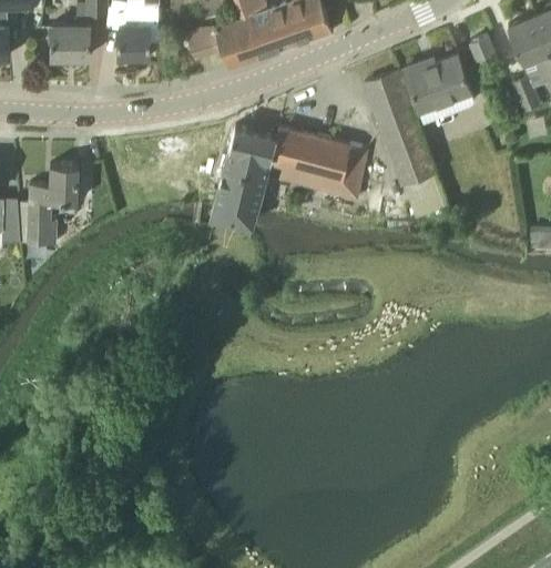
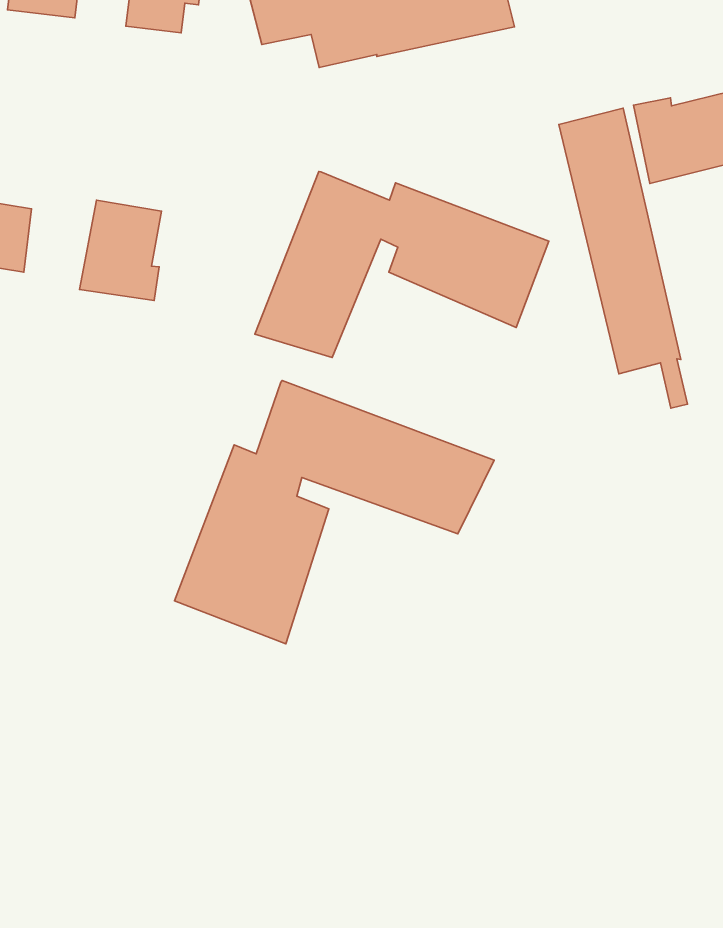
building: none -> [80,200,162,301]
building: none -> [174,381,494,644]

